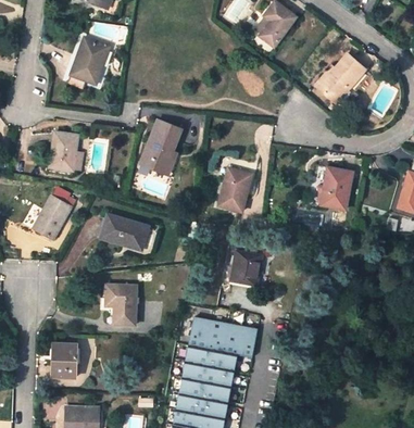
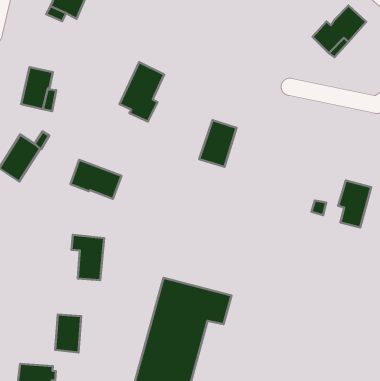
building: [323,166,352,209] -> [338,181,371,227]
building: [230,250,262,284] -> none
building: [53,342,75,376] -> [55,315,81,353]

